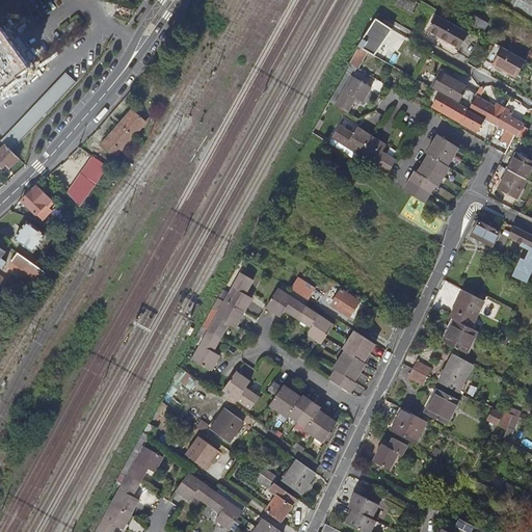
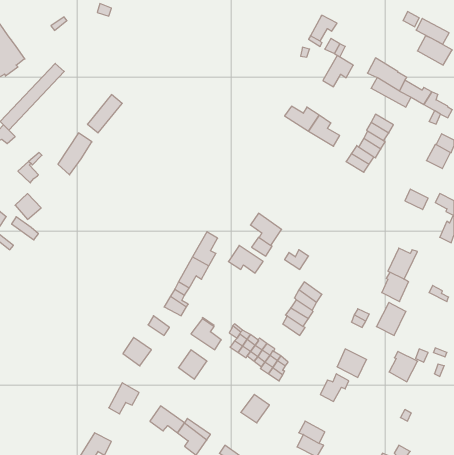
building: [428,17,467,47] -> [416,18,449,44]
building: [335,76,370,112] -> [323,56,353,87]
building: [297,305,334,343] -> [250,213,282,245]
building: [425,388,458,423] -> [389,351,418,382]
building: [185,435,218,469] -> [123,337,151,366]
building: [251,470,295,520] -> none
building: [110,476,139,515] -> none

